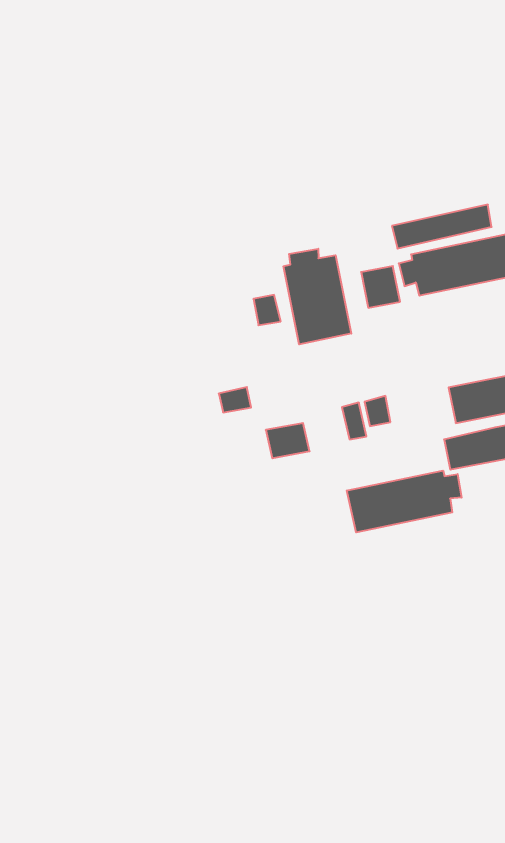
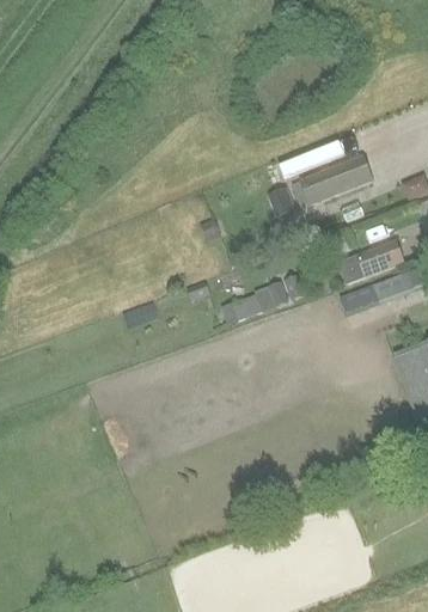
building: [283,249,351,344] -> none
building: [347,471,462,532] -> none

